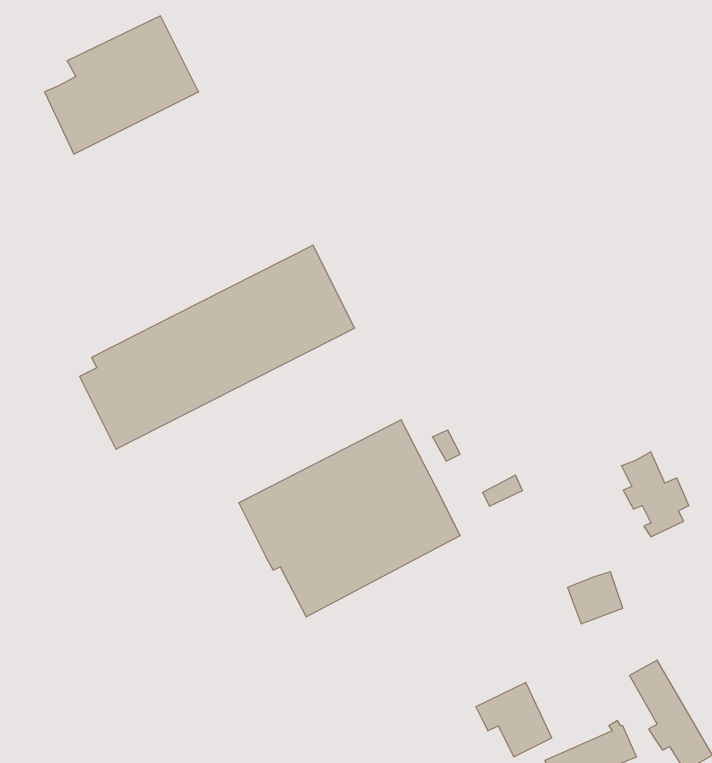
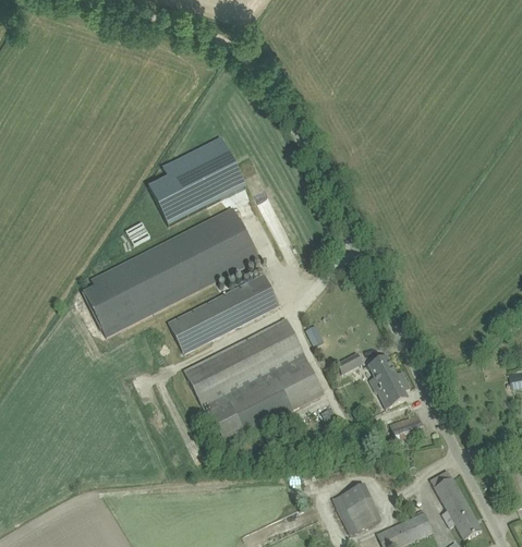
building: [45,16,199,154] -> [153,137,250,224]
building: none -> [168,275,278,354]
building: [621,452,689,537] -> [367,354,410,408]

